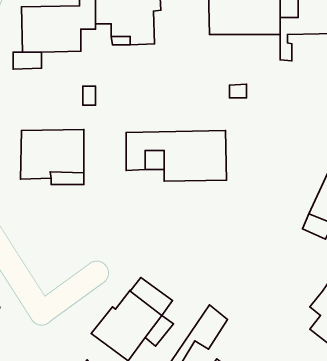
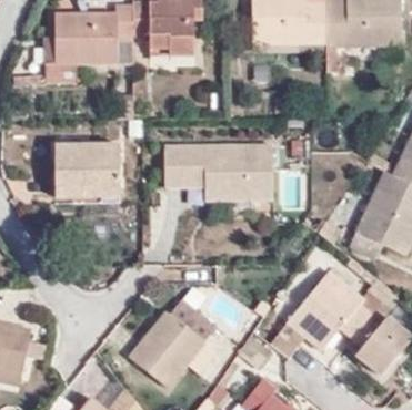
building: none -> [287,269,371,347]

